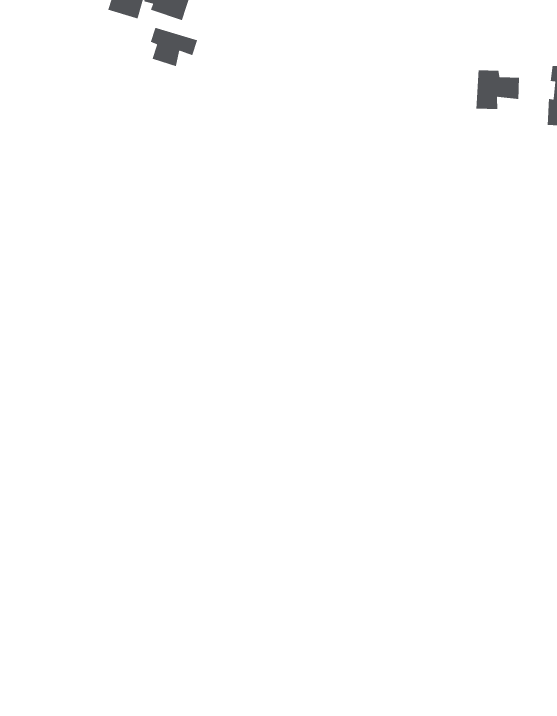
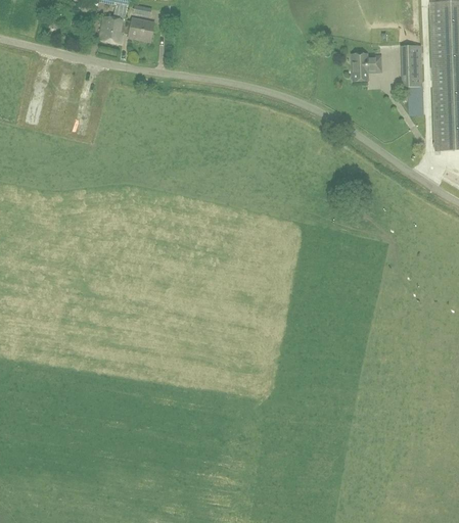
building: [150,27,198,67] -> none

